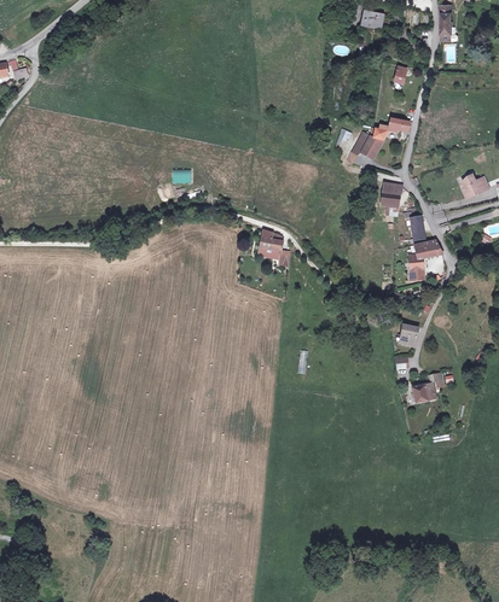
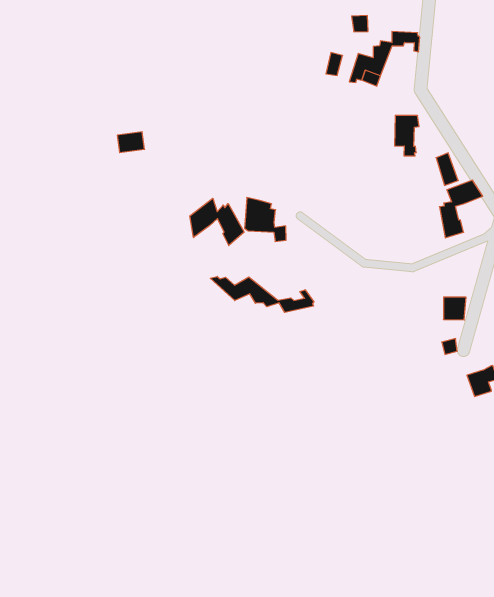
building: none -> [190,198,244,246]
building: none -> [210,276,314,312]

